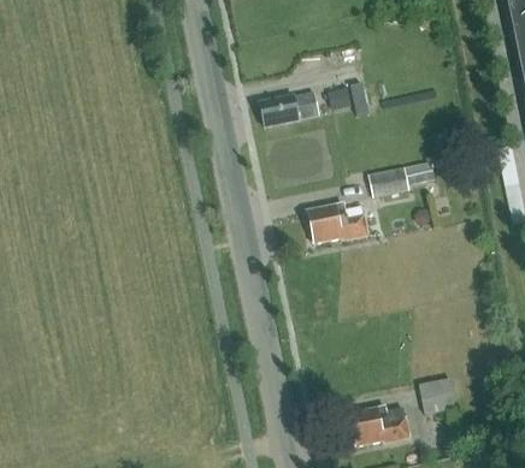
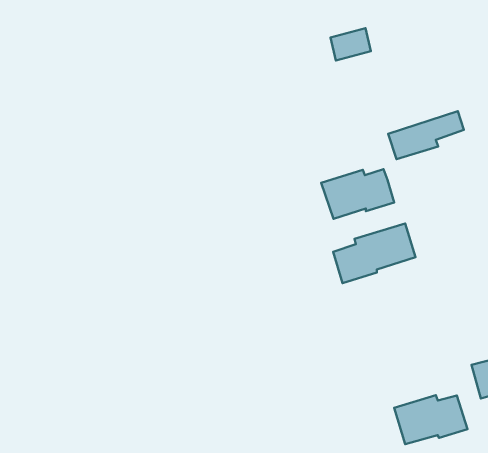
building: [261,91,322,126] -> none
building: none -> [333,224,416,283]

